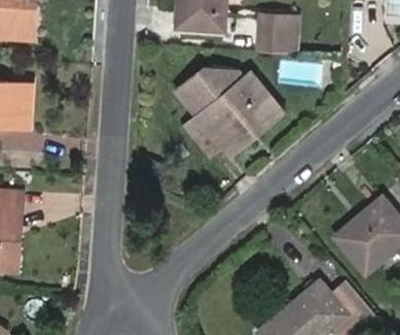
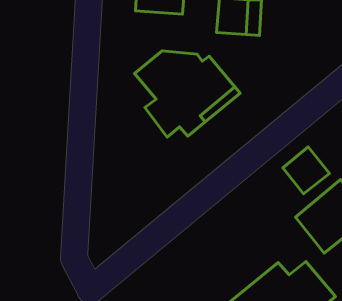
building: none -> [283,147,330,194]

